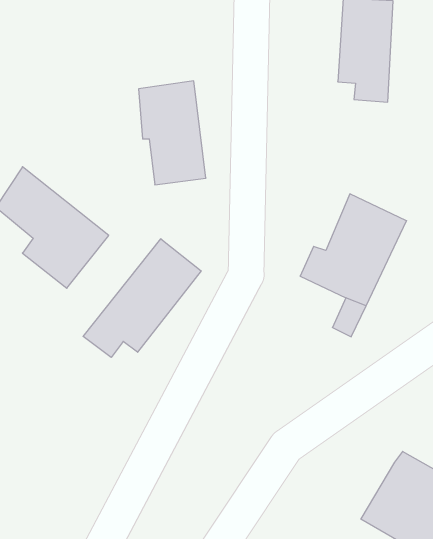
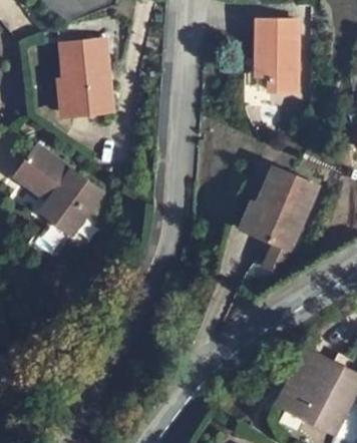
building: [139,81,206,185] -> [57,41,107,118]
building: [83,239,201,357] -> none

